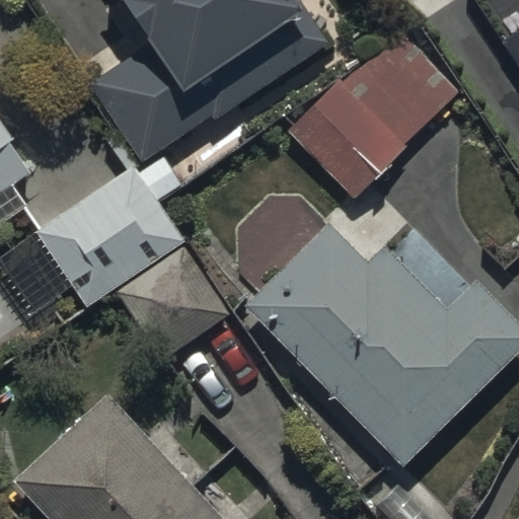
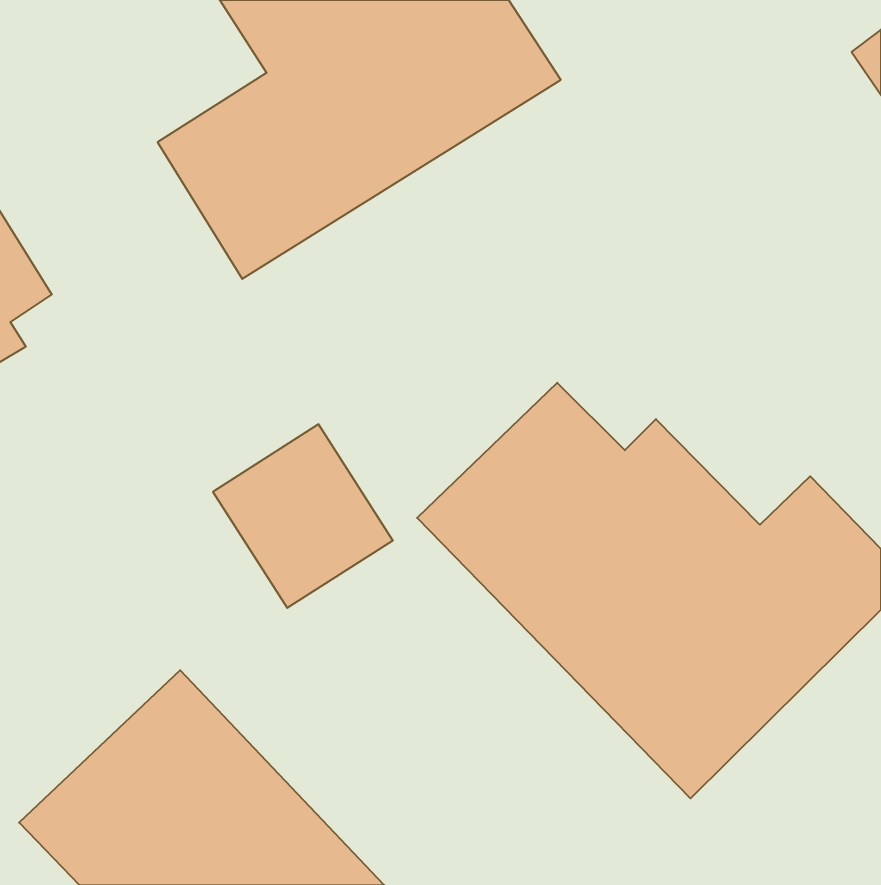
building: [288,30,456,199] -> none
building: [34,157,184,305] -> none

